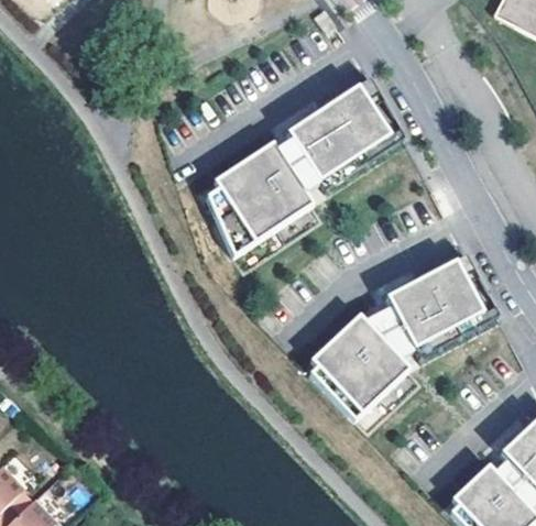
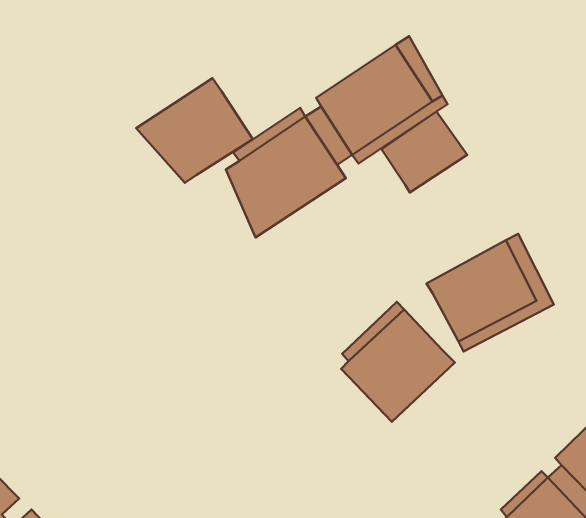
building: none -> [136,78,253,183]
building: none -> [381,111,467,193]
building: [363,306,412,357] -> none

